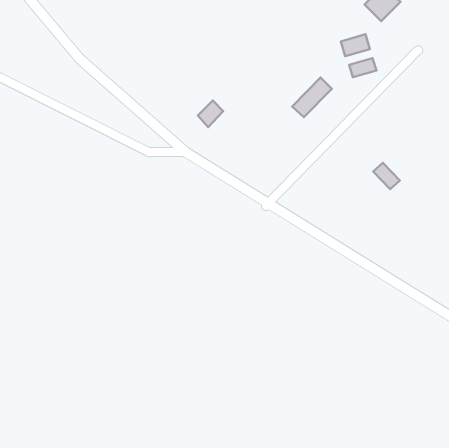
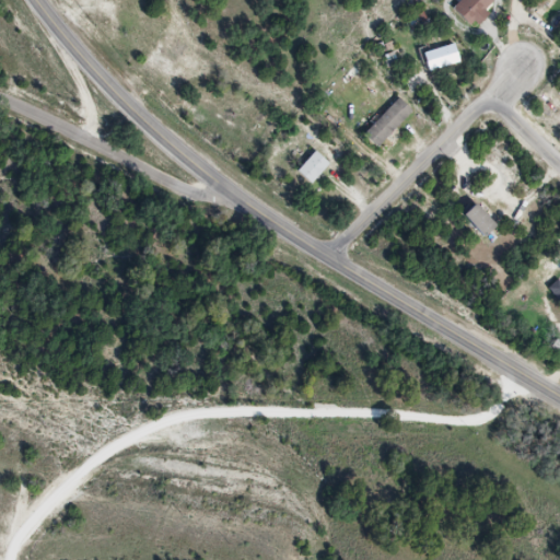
building: [349,58,376,77] -> none
building: [198,101,223,127] -> [299,150,330,183]

